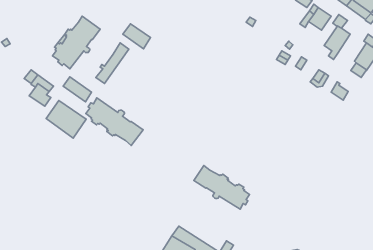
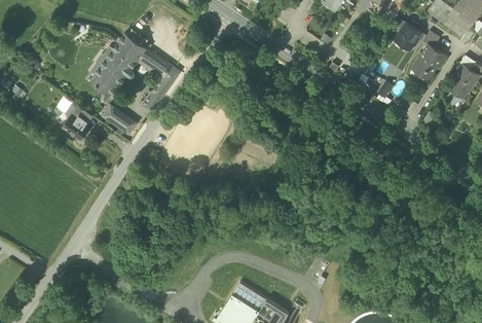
building: [123,24,150,49] -> [138,48,171,78]
building: [86,98,143,146] -> none
building: [46,100,86,138] -> none
building: [194,166,250,209] -> none

